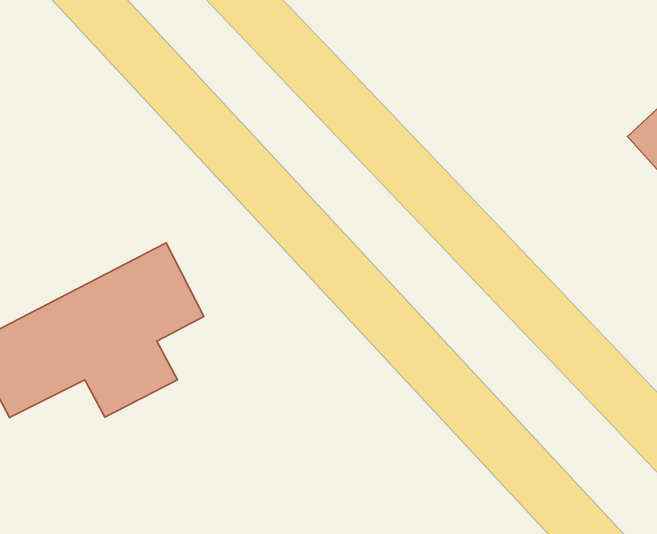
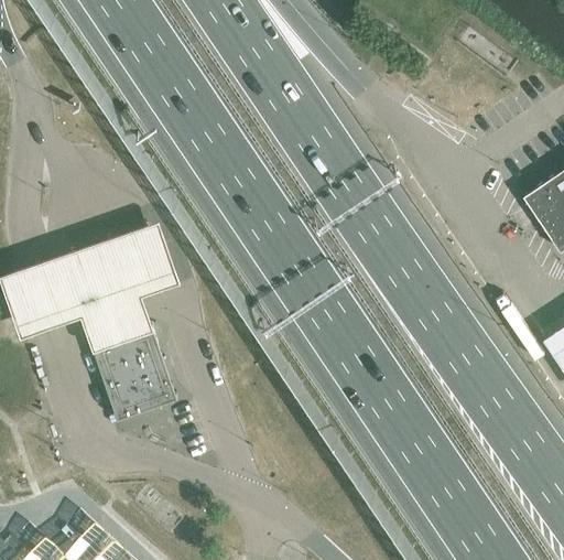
building: none -> [94,330,177,421]

